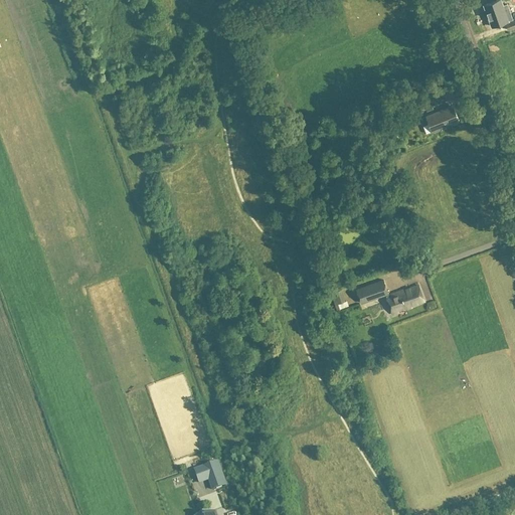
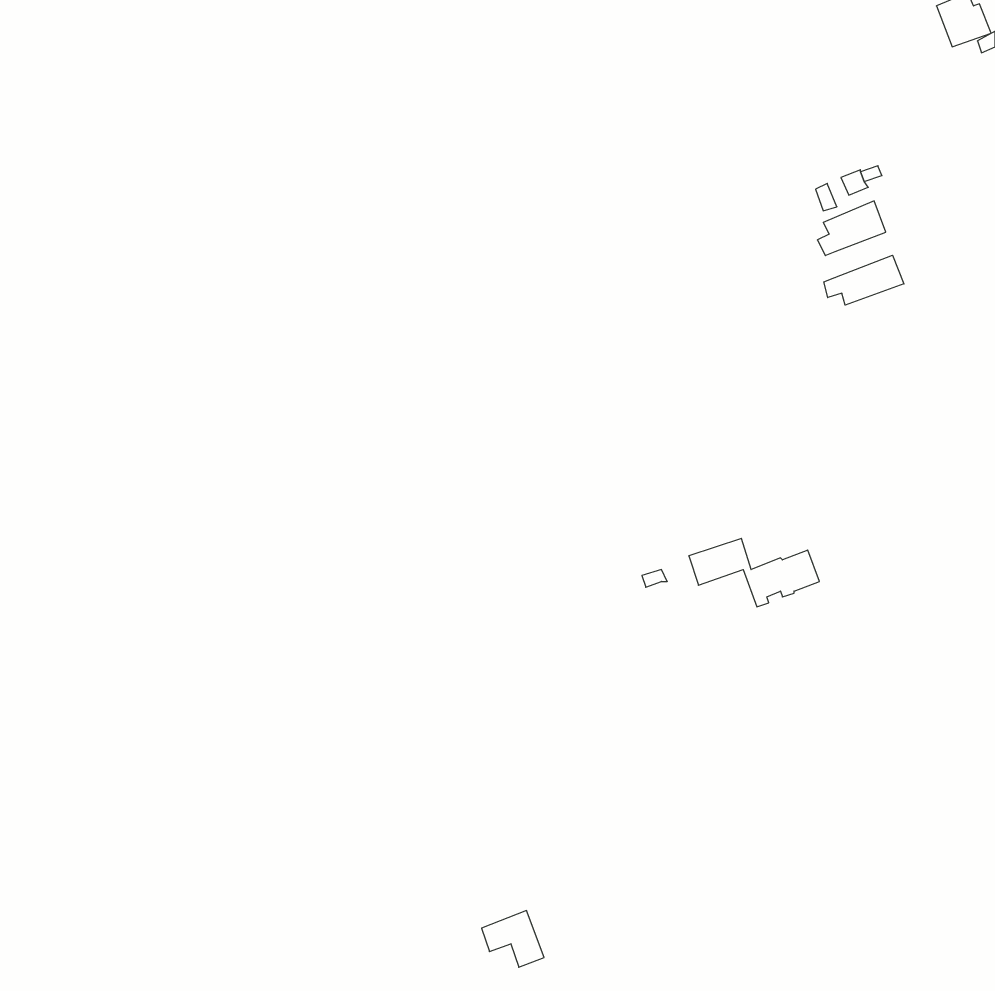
building: none -> [824,255,904,305]
building: [193,459,225,488] -> [482,911,544,967]

